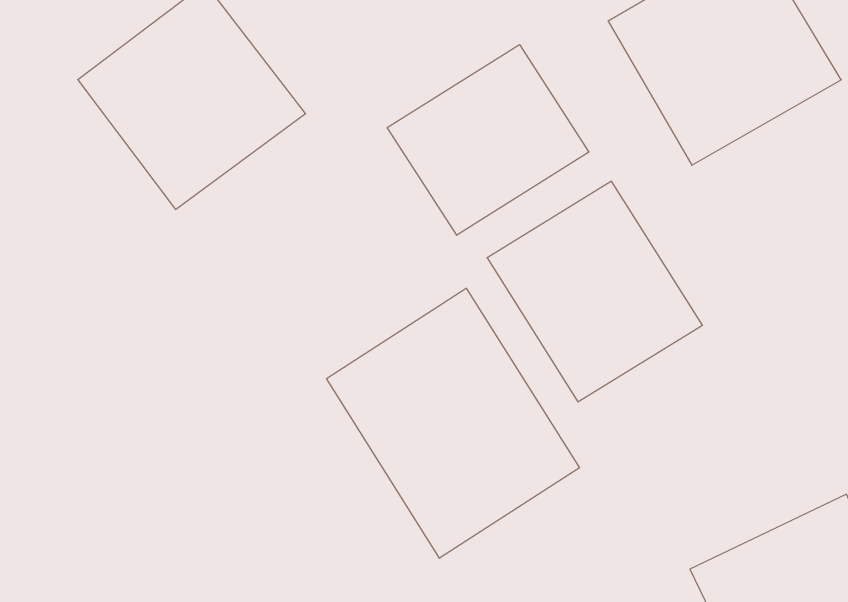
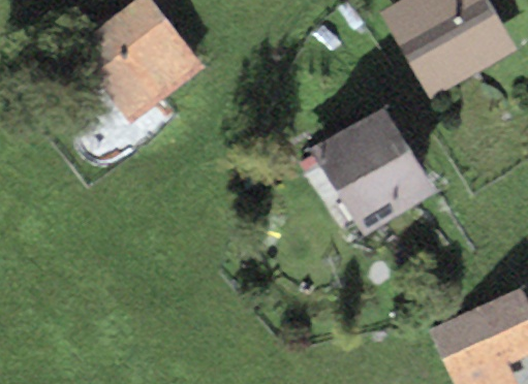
building: [387,45,589,235] -> none
building: [327,288,579,558] -> none

